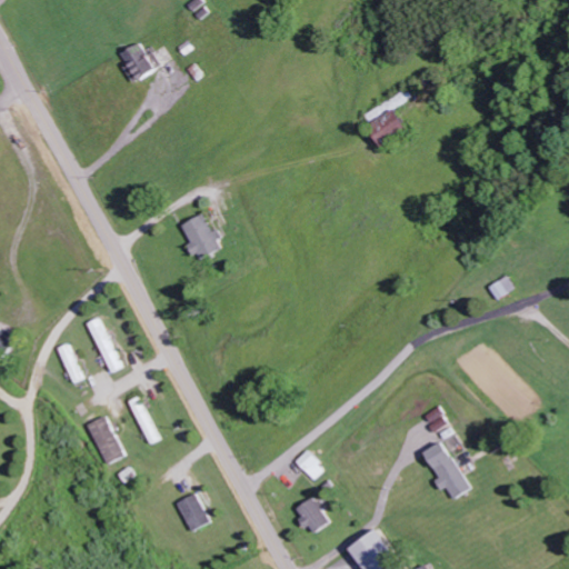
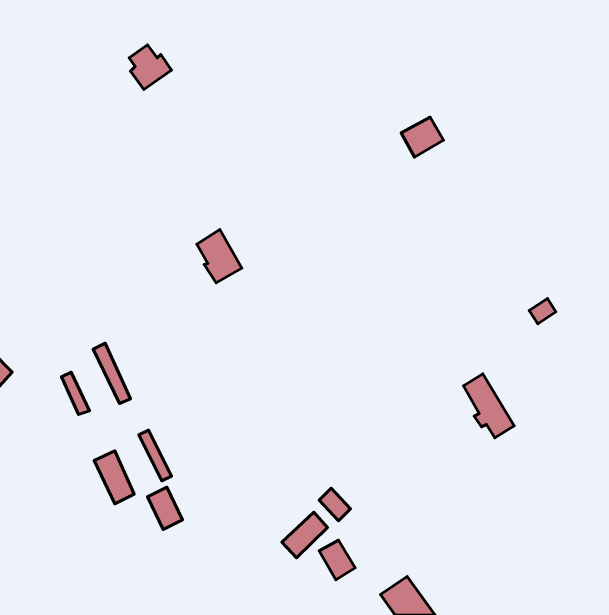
building: [422,440,469,499] -> [463,374,514,438]
building: none -> [282,512,327,558]
building: [177,492,209,531] -> [148,487,183,530]

